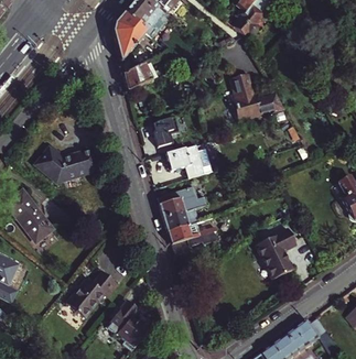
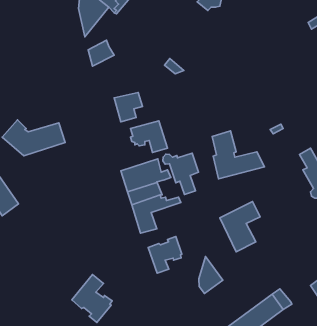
building: [231,74,284,122] -> [212,131,264,179]
building: none -> [163,153,198,195]
building: none -> [148,237,182,273]
building: [66,270,114,313] -> none
building: none -> [199,257,223,293]

